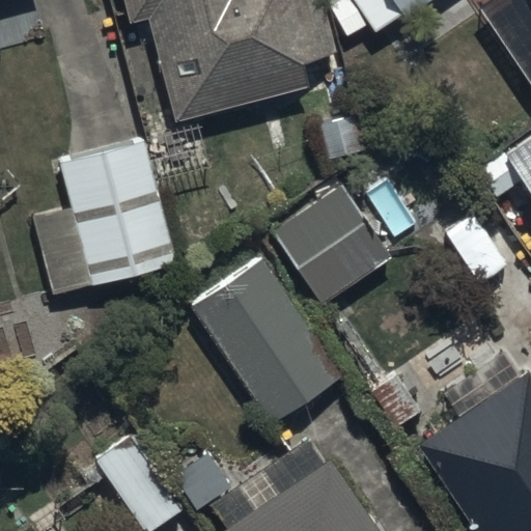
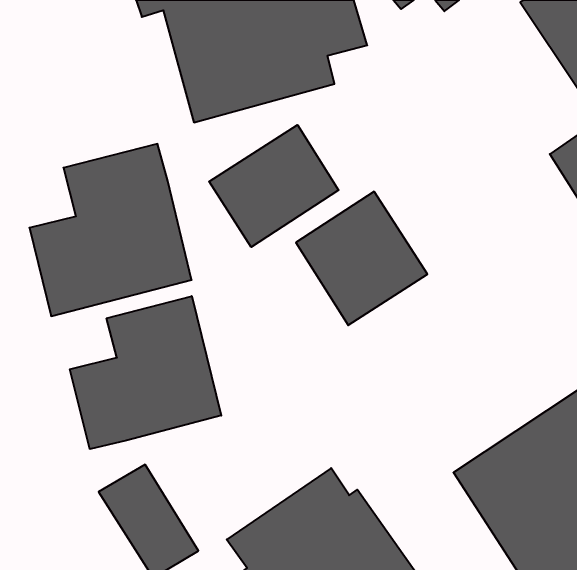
building: none -> [209,125,339,247]
building: [189,254,343,425] -> none
building: none -> [70,296,221,449]

